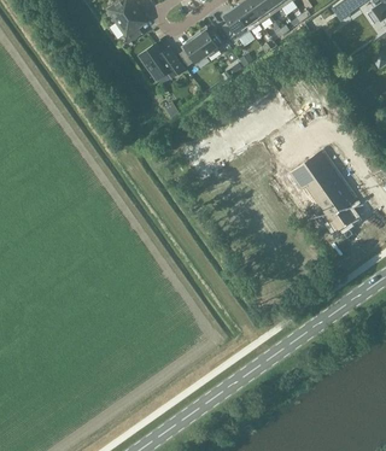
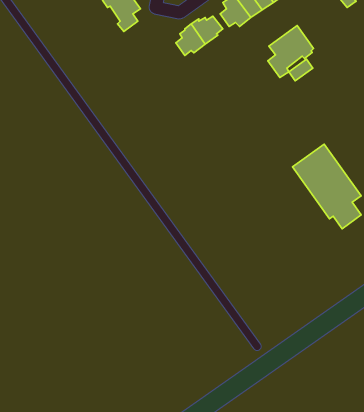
building: none -> [268,26,313,77]
building: [139,43,183,80] -> none

